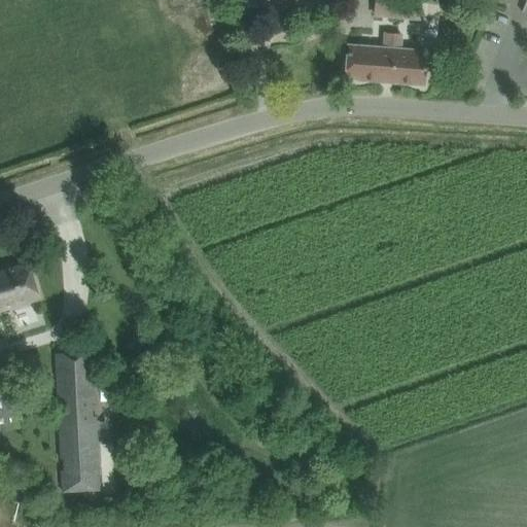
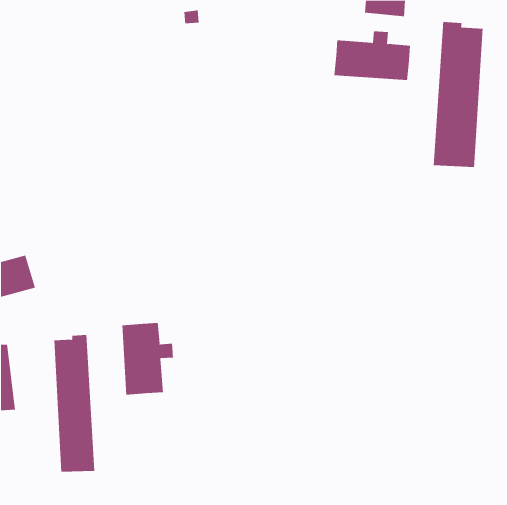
building: none -> [433,21,483,168]
building: none -> [122,322,173,396]

